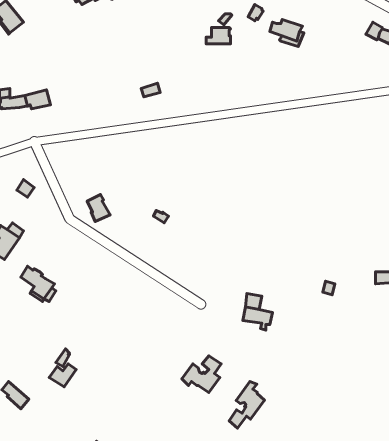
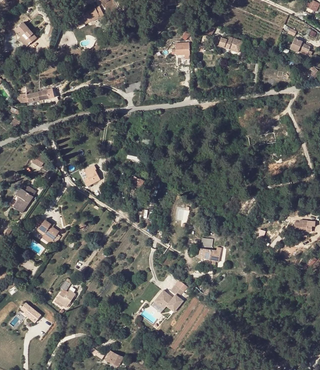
building: [229,382,264,428] -> none

